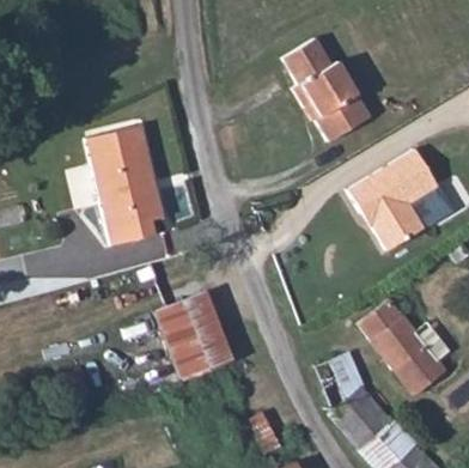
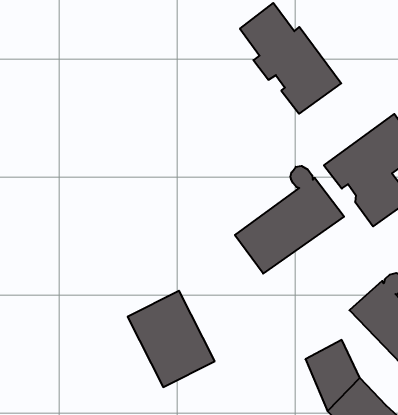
building: [86,126,164,245] -> none
building: none -> [235,166,344,274]

